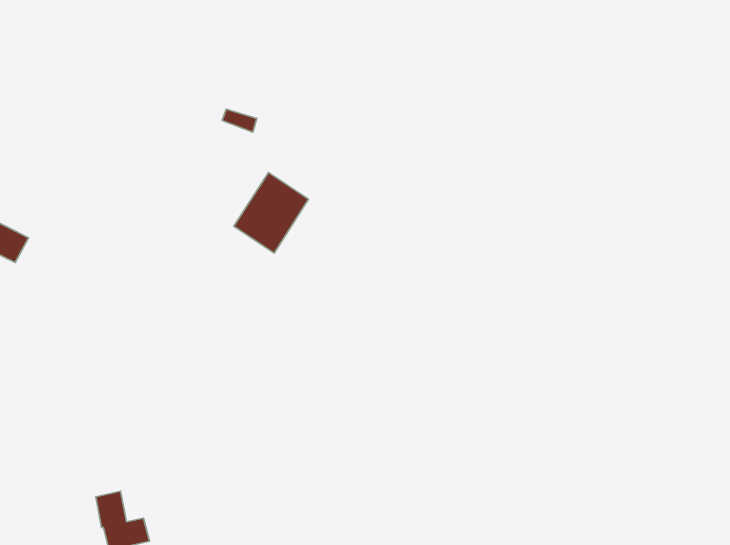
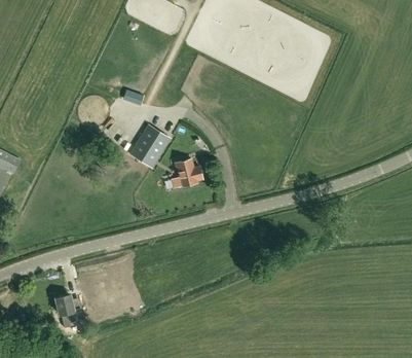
building: none -> [171,158,202,188]

